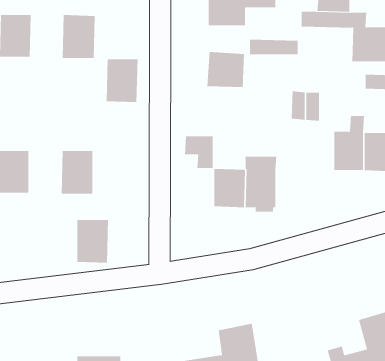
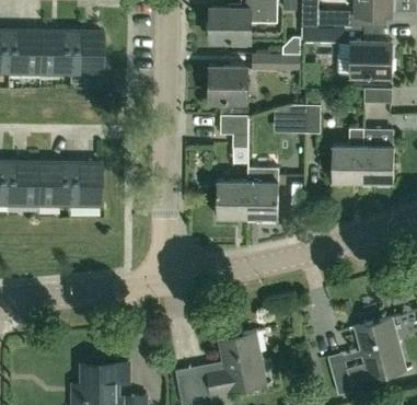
building: [106,59,138,103] -> [37,30,69,72]
building: [184,136,213,168] -> [219,115,247,147]
building: [76,220,109,263] -> [36,162,68,205]

